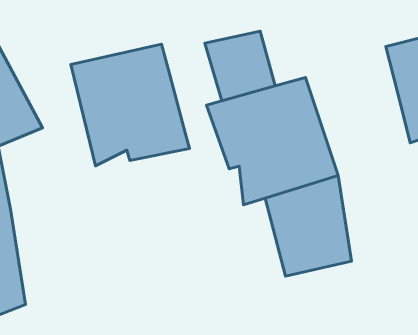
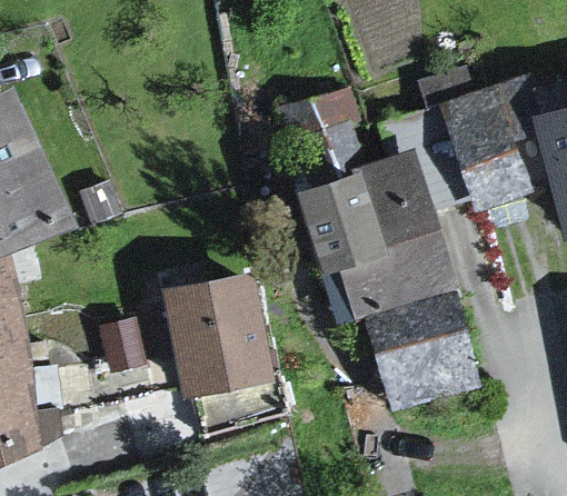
building: none -> [439,79,544,200]
building: [71,44,189,166] -> none
building: none -> [159,267,284,425]

